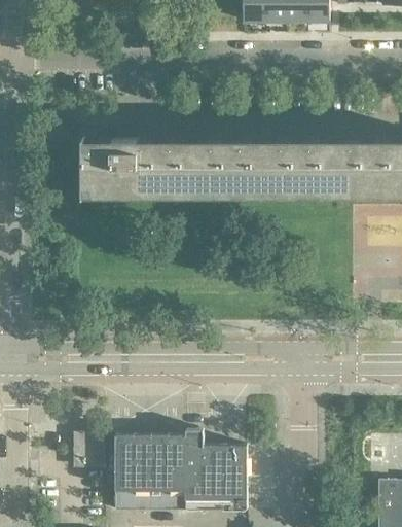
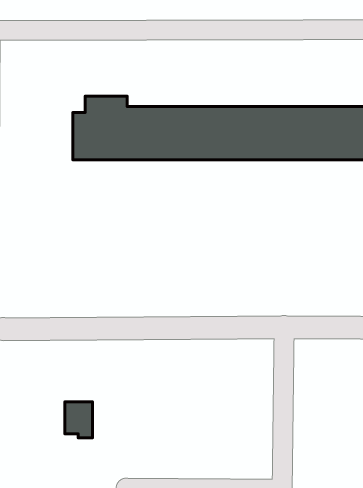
building: [115,437,247,513] -> none

